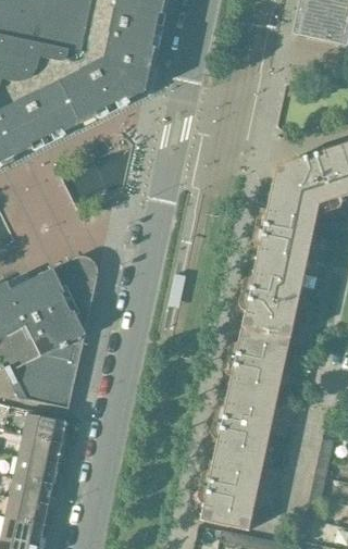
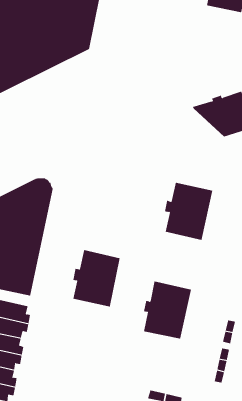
building: [256,166,319,272] -> none
building: [228,325,290,399] -> [72,250,121,307]
building: [201,453,263,528] -> none

